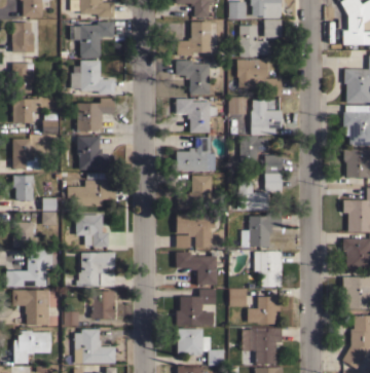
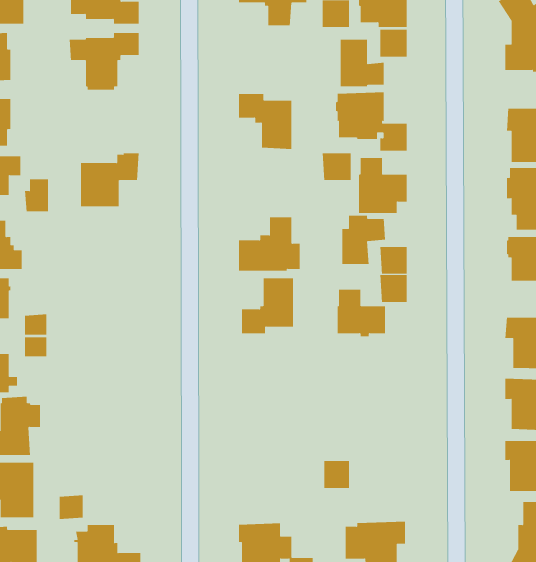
building: [177,22,219,57] -> none
building: [71,60,114,94] -> none
building: [176,99,217,135] -> none
building: [77,136,115,171] -> none
building: [67,180,115,206] -> none
building: [240,212,282,247] -> none
building: [76,214,109,247] -> none
building: [176,214,215,248] -> none
building: [254,251,282,287] -> none
building: [76,252,115,286] -> none
building: [175,252,216,285] -> none
building: [176,289,216,325] -> none
building: [90,291,114,320] -> none
building: [247,296,280,324] -> none

